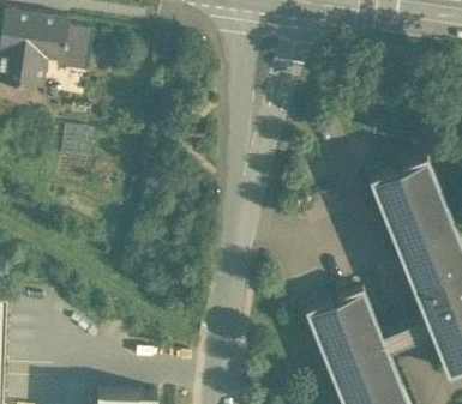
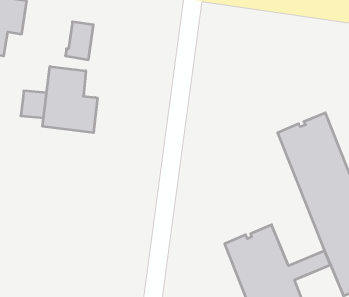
building: [56,26,90,72] -> [65,22,93,60]
building: none -> [43,66,97,133]

